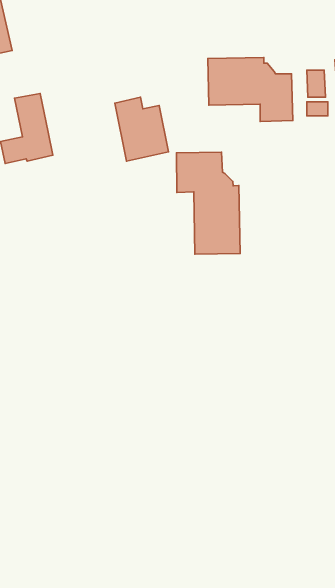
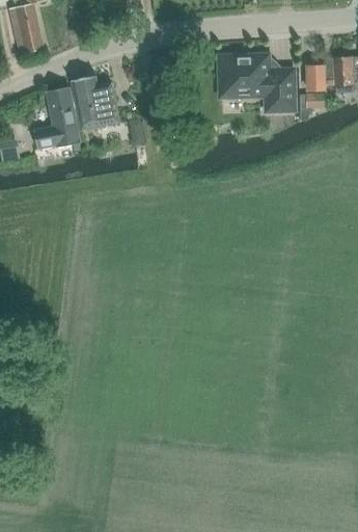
building: [115,97,168,161] -> [72,76,119,133]
building: [176,152,240,254] -> none

